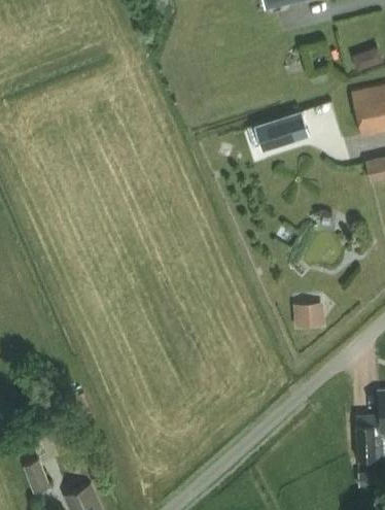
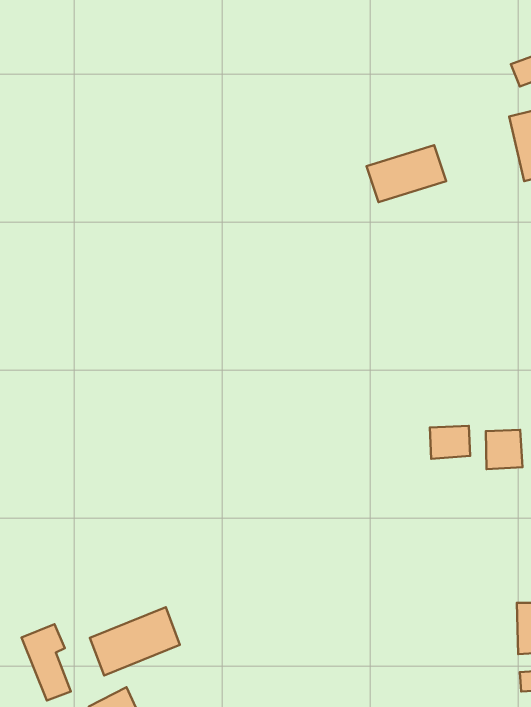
building: none -> [486,430,522,469]
building: none -> [90,607,180,675]

